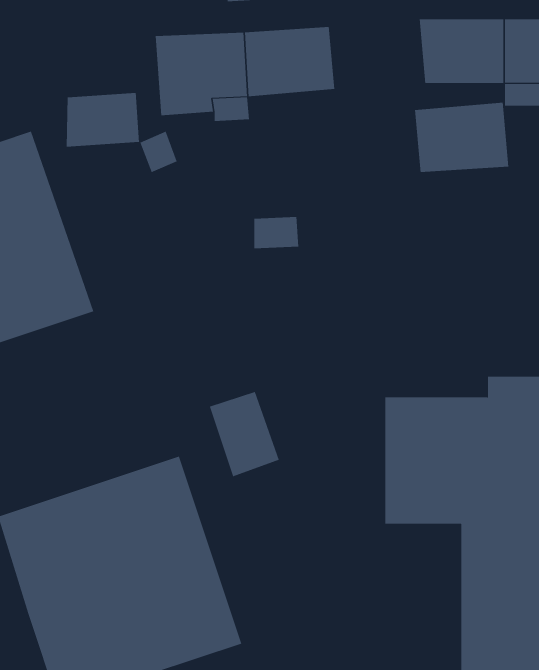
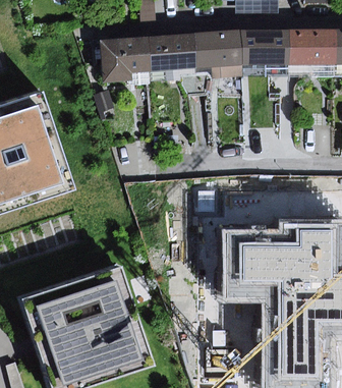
building: [66,92,140,148] -> none
building: [414,102,509,173] -> [194,30,245,67]
building: [209,391,279,477] -> none

